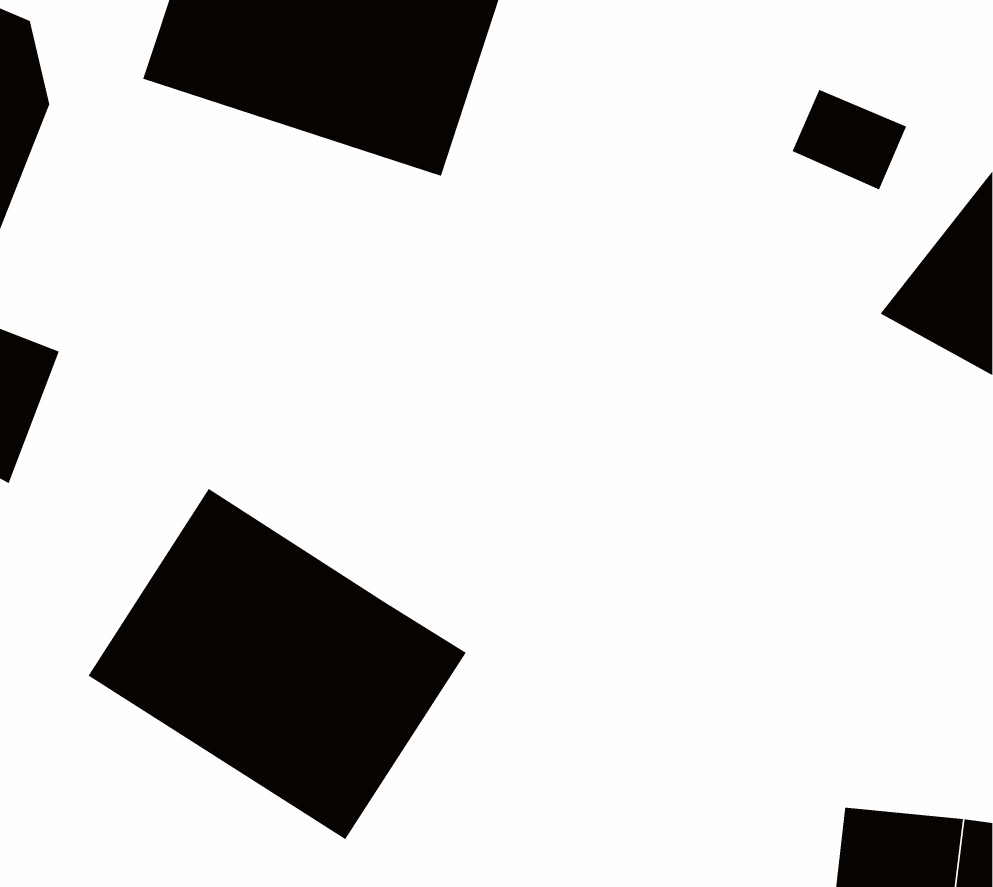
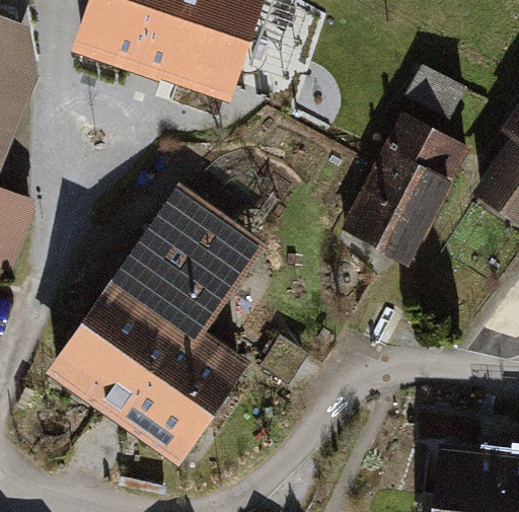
building: none -> [354,111,469,254]
building: none -> [112,189,264,333]

